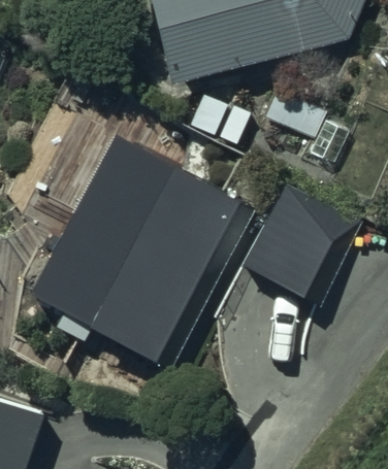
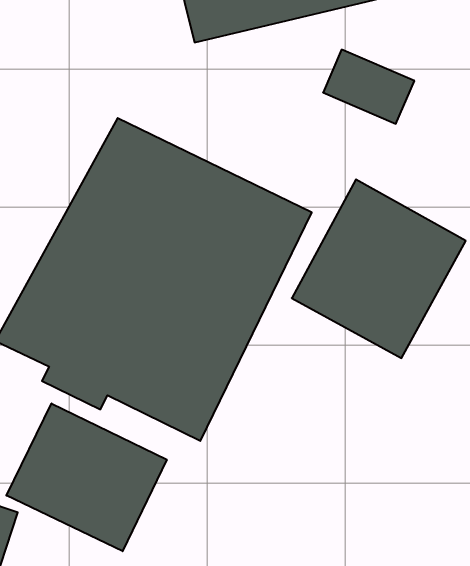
building: none -> [6,403,167,551]

